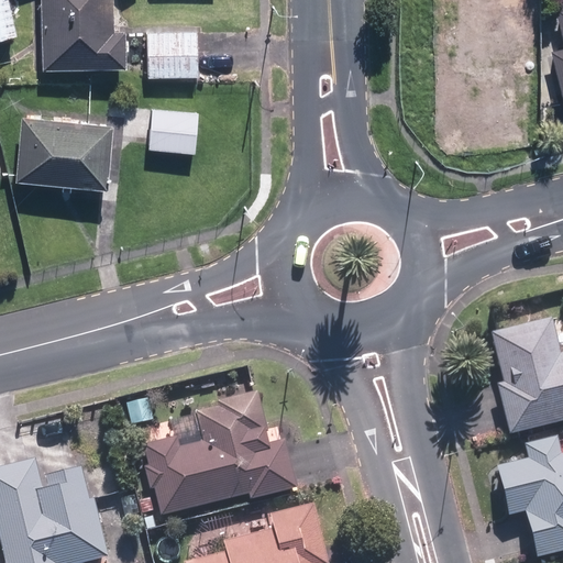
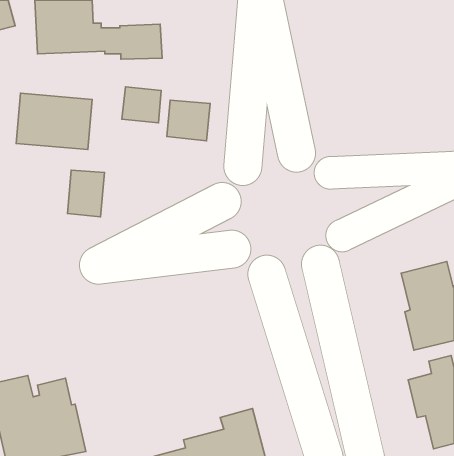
building: none -> [167,100,210,141]
building: none -> [68,170,104,217]
building: [144,393,292,515] -> none

